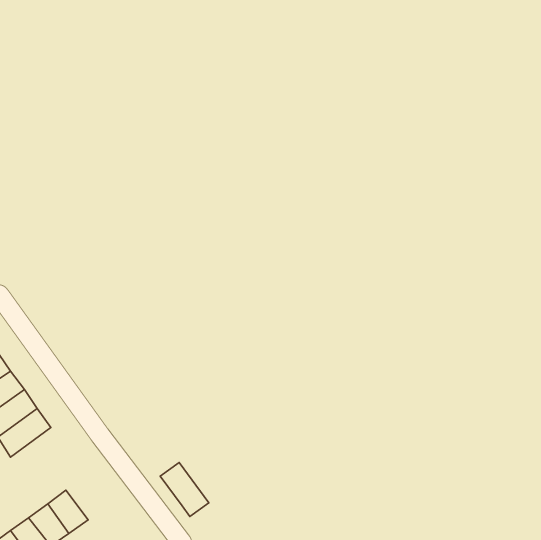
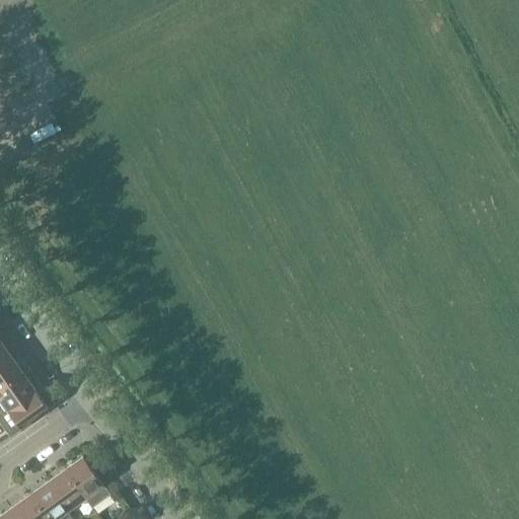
building: [160,462,209,517] -> [63,457,109,509]

